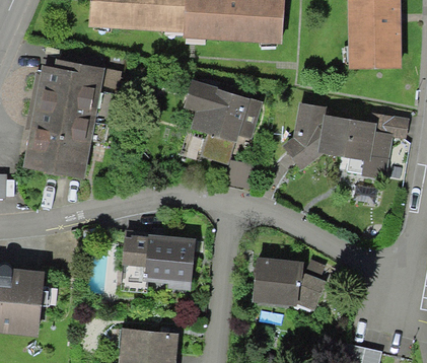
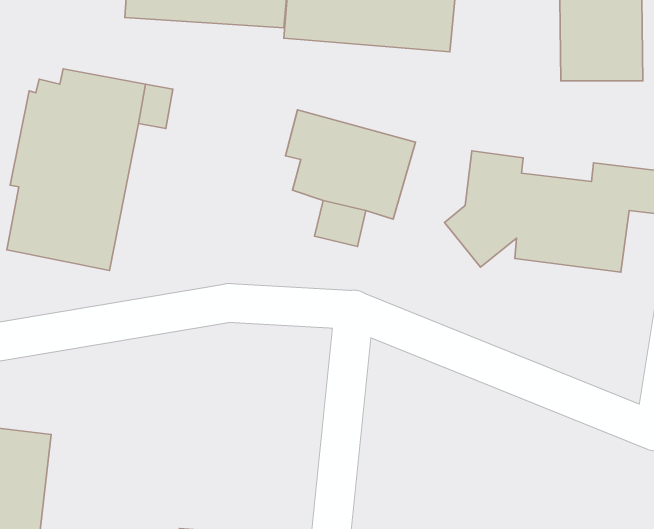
building: [122,234,193,289] -> none
building: [251,263,317,310] -> none

